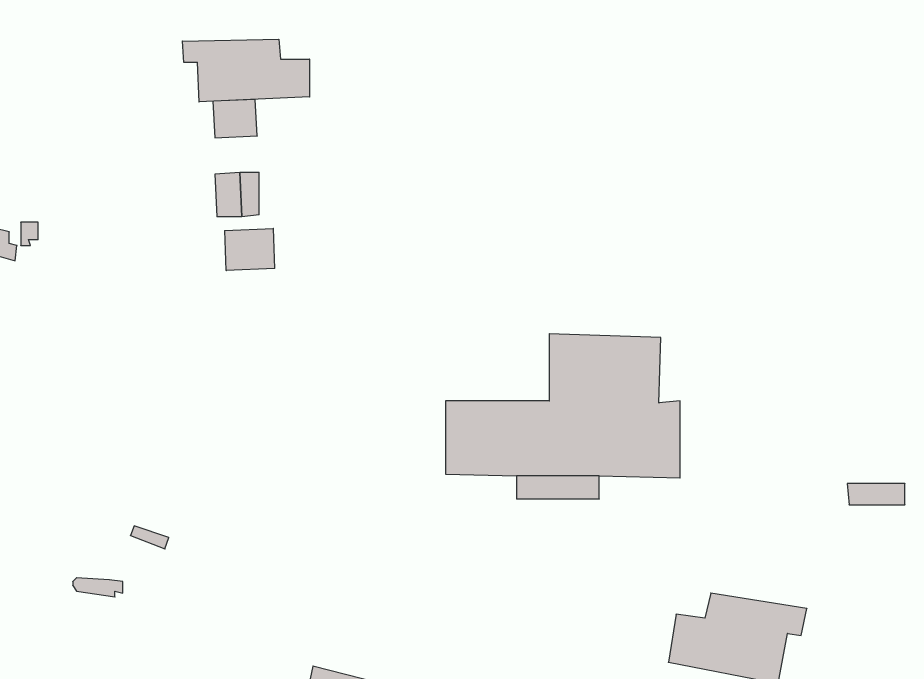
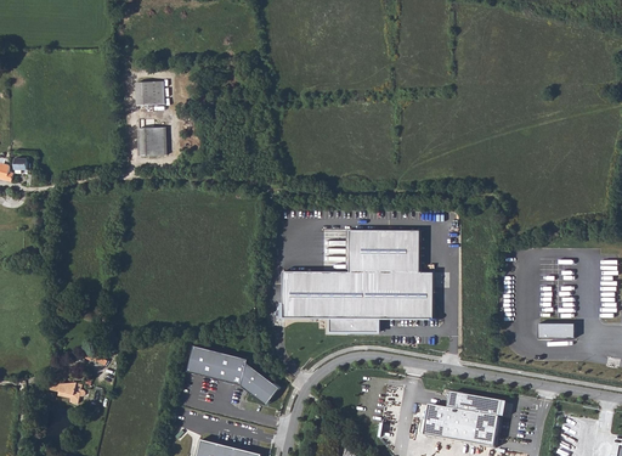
building: [182,39,310,102] -> none
building: [225,228,275,271] -> none
building: none -> [186,343,277,404]

